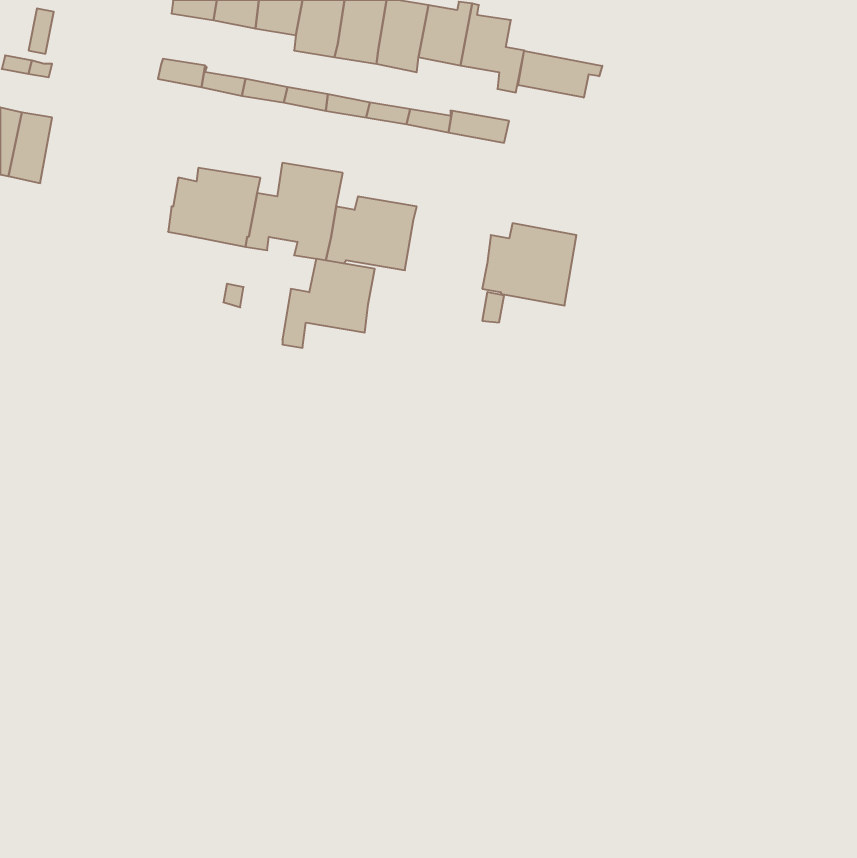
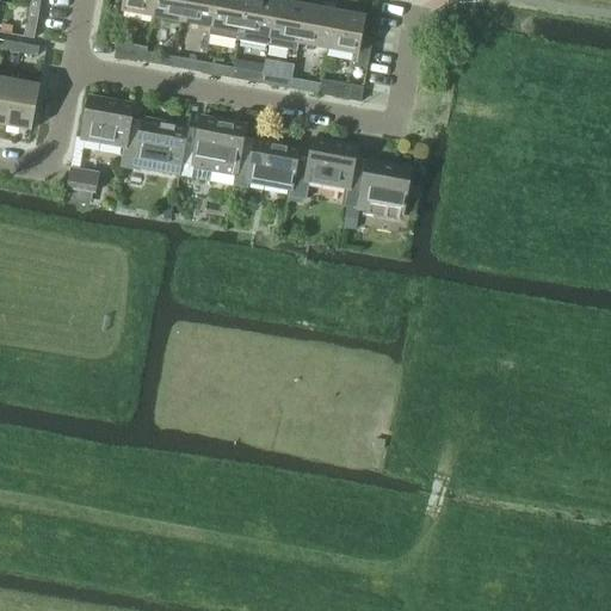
building: [518,51,602,98] -> none
building: none -> [81,95,132,147]
building: none -> [66,172,98,205]
building: [282,259,375,348] -> [289,135,354,198]

